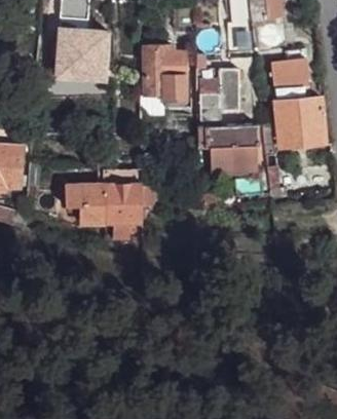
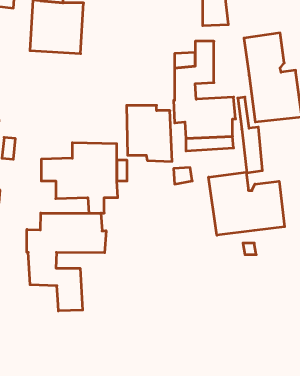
building: [143,47,188,103] -> [127,105,172,161]
building: none -> [209,172,285,235]
building: none -> [27,213,106,311]

